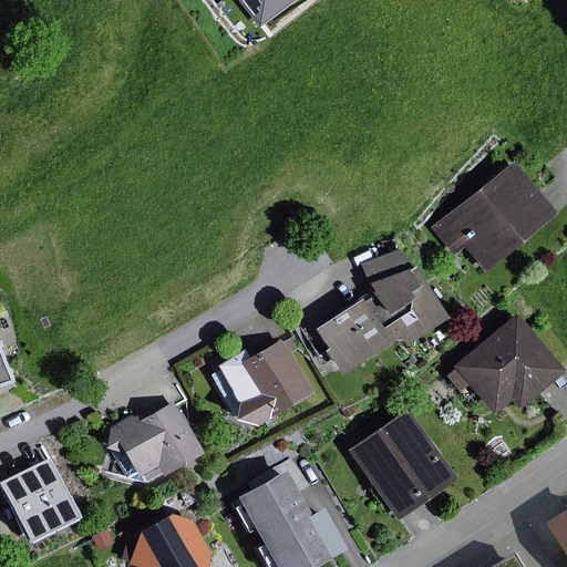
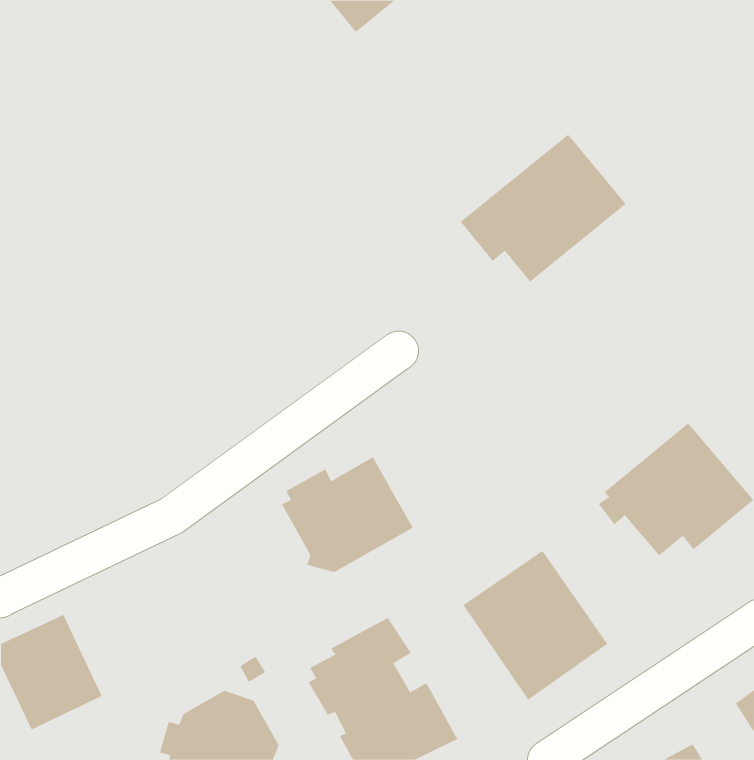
building: [433,162,557,272] -> [460,134,626,283]
building: [316,249,446,377] -> none
building: [104,402,202,483] -> none

